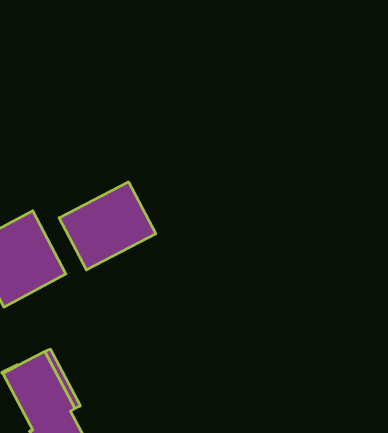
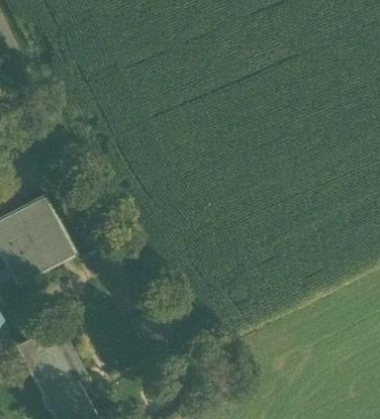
building: [59,182,156,270] -> none

